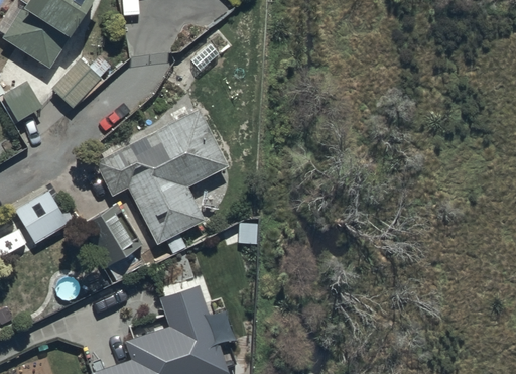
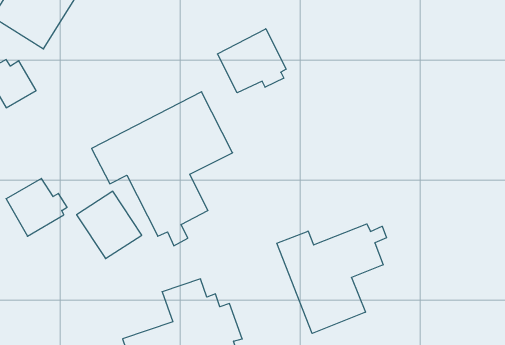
building: none -> [217,29,286,93]
building: [51,56,111,109] -> none
building: none -> [277,224,386,333]

